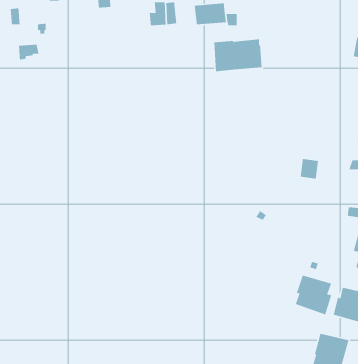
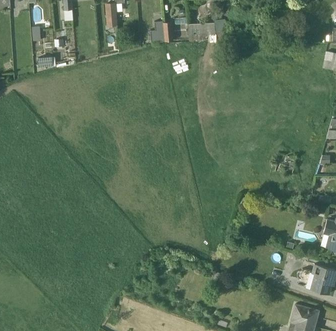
building: [213,39,263,72] -> none
building: [295,274,332,316] -> none

